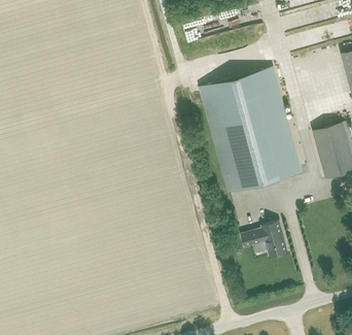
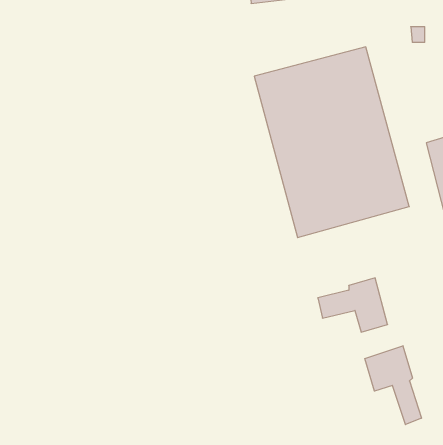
building: none -> [365,346,421,425]

